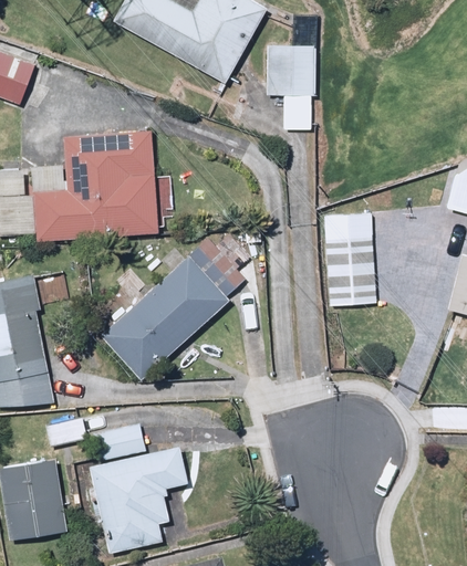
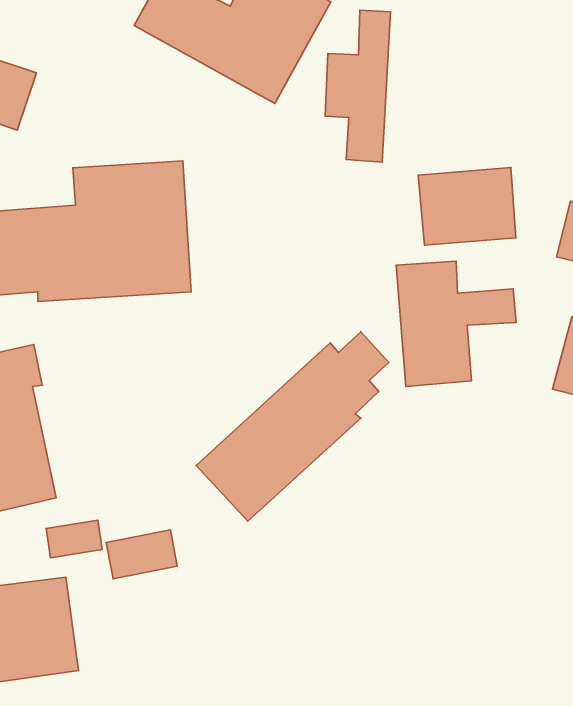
building: none -> [418,168,516,245]
building: [102,230,255,380] -> [196,332,389,521]
building: [91,450,186,554] -> none

